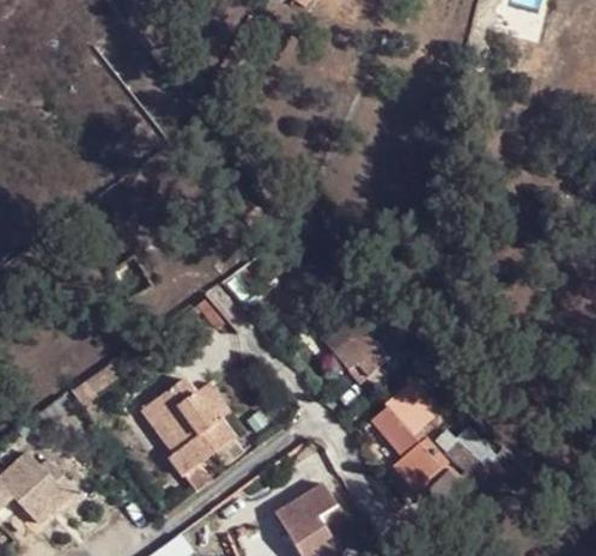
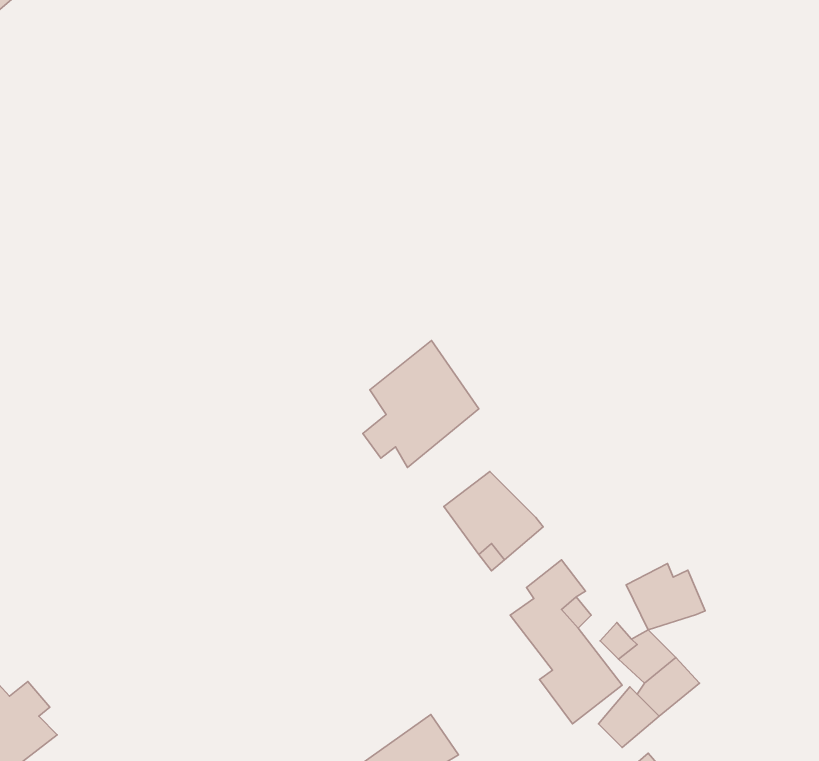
building: none -> [363,341,479,468]
building: [144,362,241,473] -> none
building: none -> [626,564,705,630]

